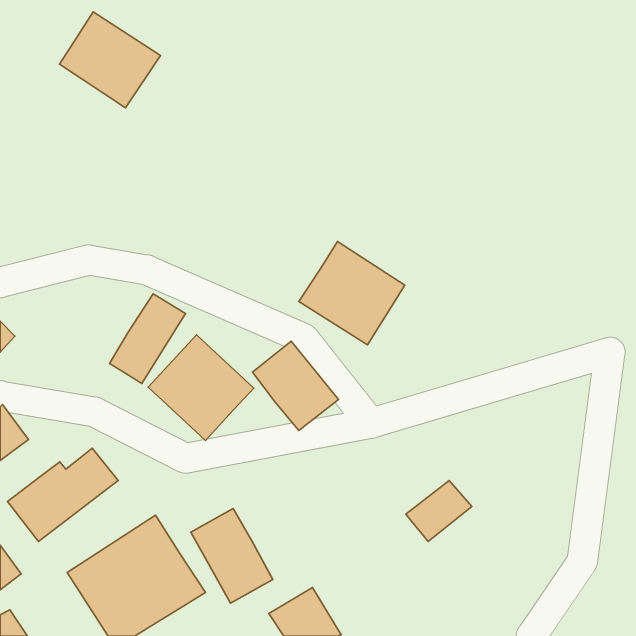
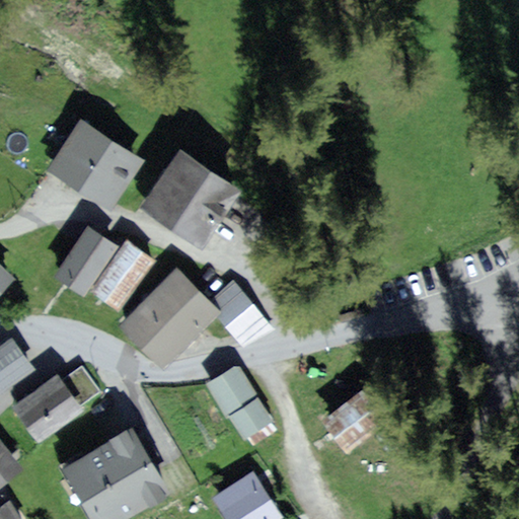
building: [60,12,160,108] -> [55,129,137,207]
building: [299,242,405,345] -> [148,159,234,243]
building: none -> [57,226,113,287]
building: [191,509,273,603] -> [206,369,273,446]

